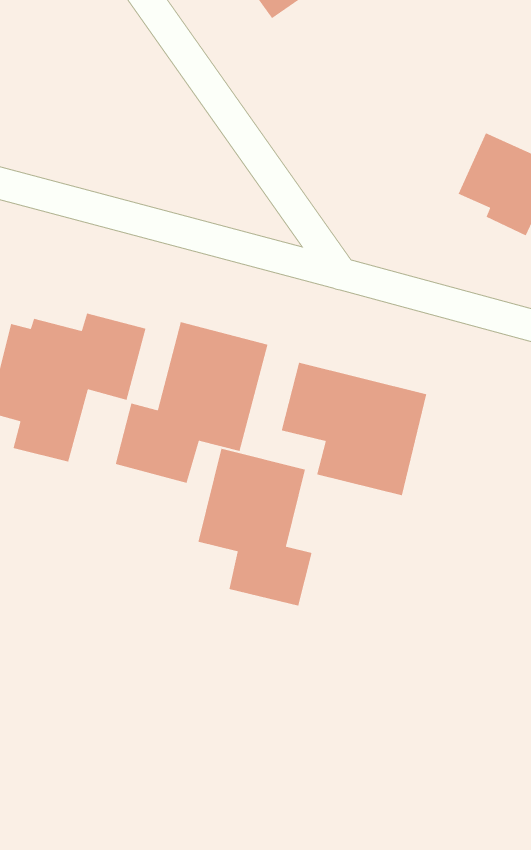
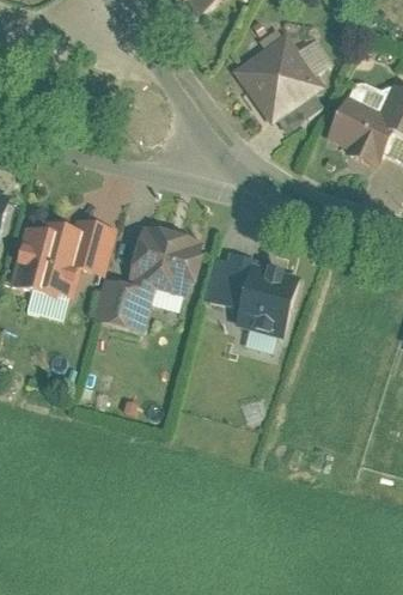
building: none -> [234,34,324,123]
building: [197,448,312,606] -> none

